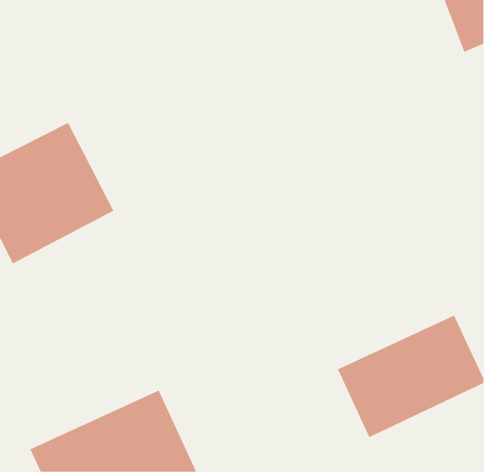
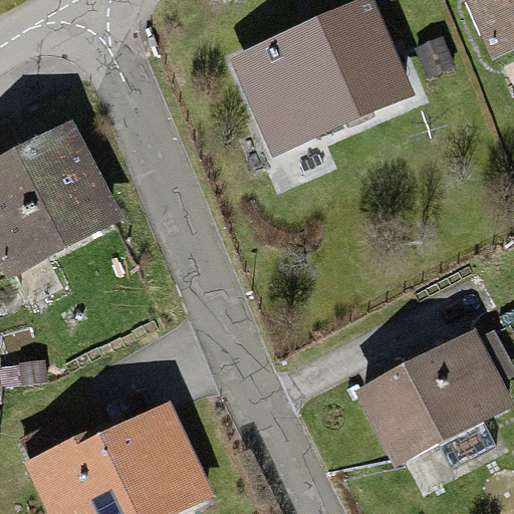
building: none -> [235,5,412,158]

